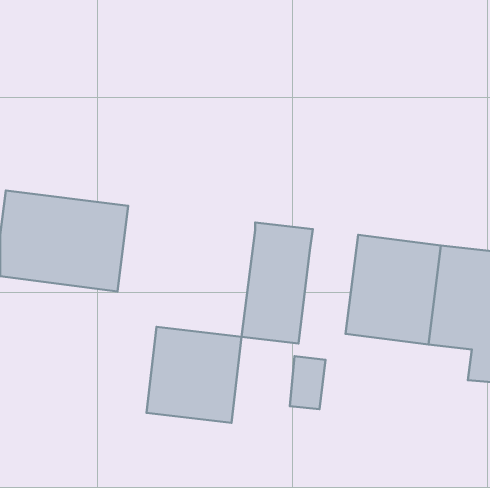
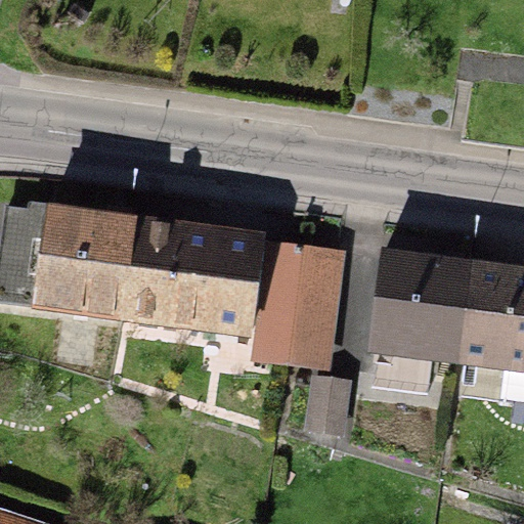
building: none -> [127,219,267,329]
building: [146,327,242,423] -> none

